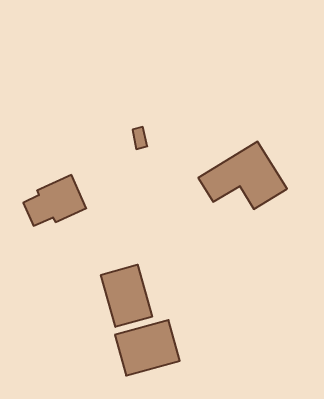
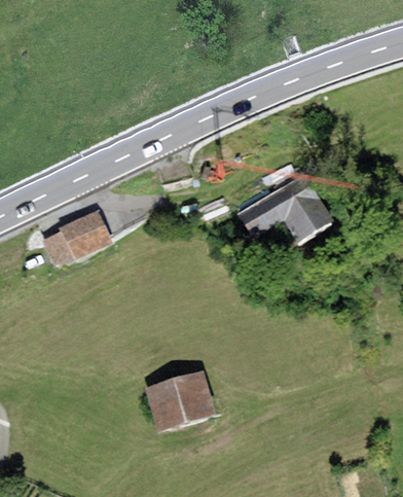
building: [101,265,152,327] -> none

